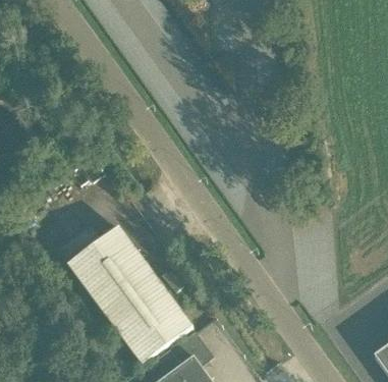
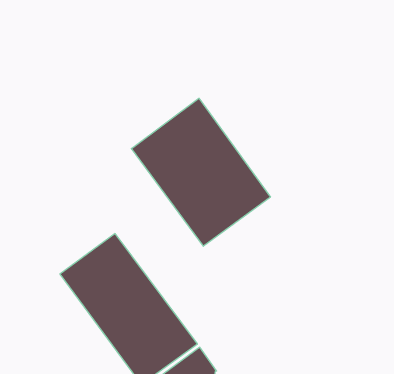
building: none -> [131,98,270,246]

